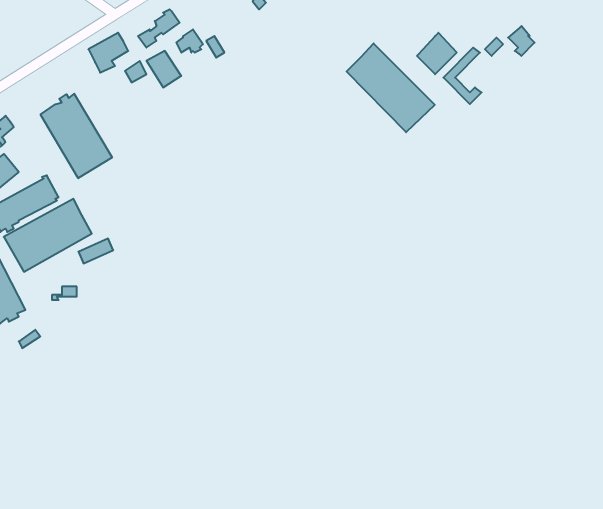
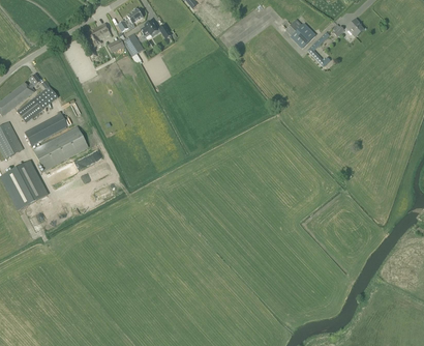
building: [347,43,435,132] -> none
building: [41,94,112,178] -> none

